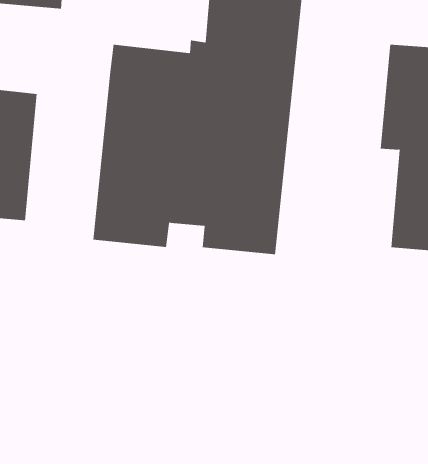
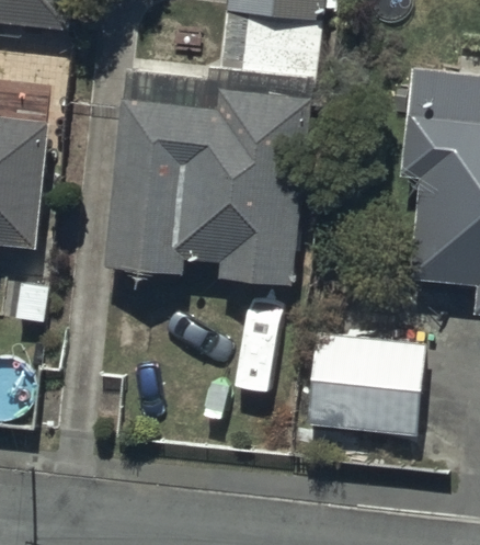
building: none -> [307,336,425,443]

